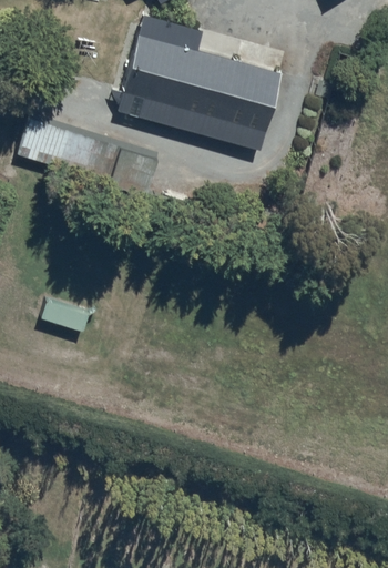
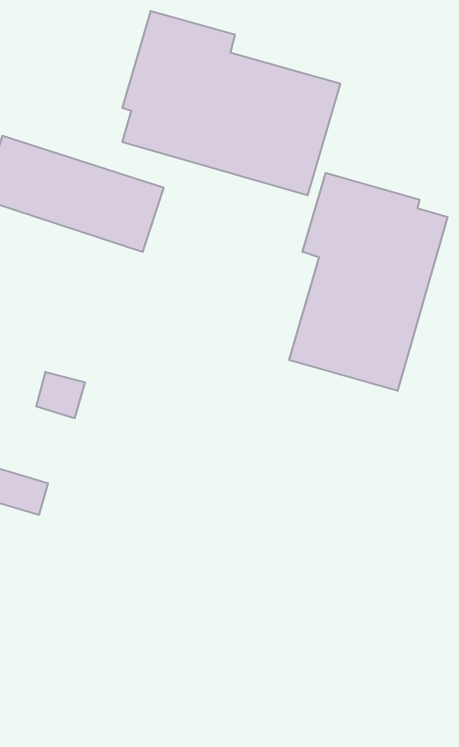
building: none -> [289,173,448,391]

